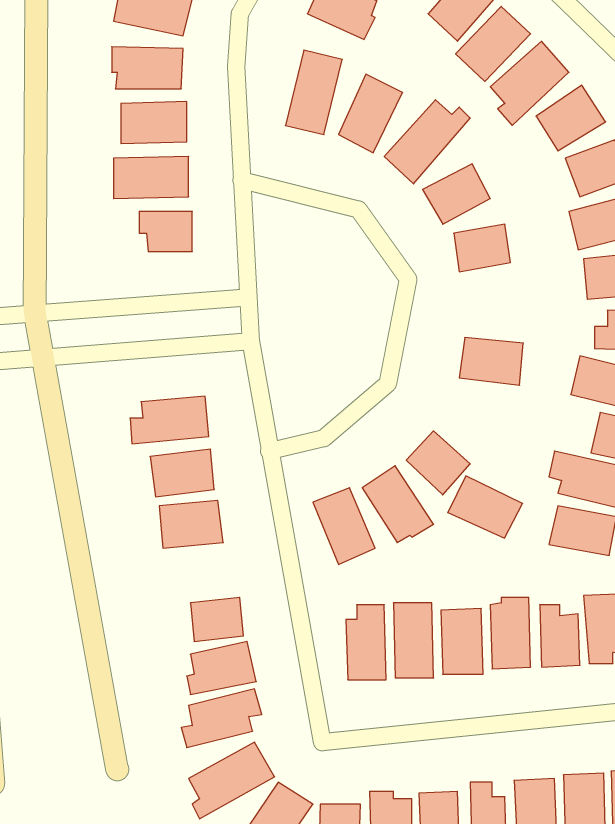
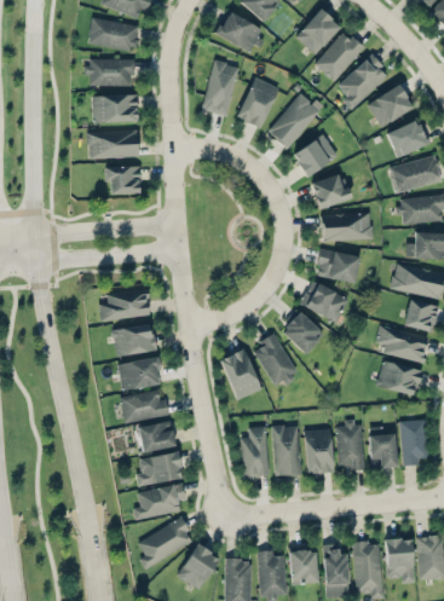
building: none -> [322,213,373,241]
building: [448,476,523,538] -> [300,281,350,322]
building: none -> [121,391,169,422]

